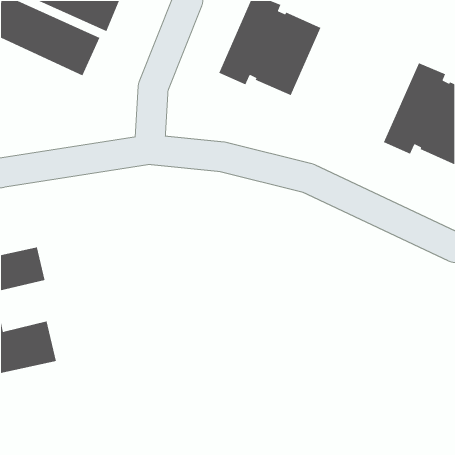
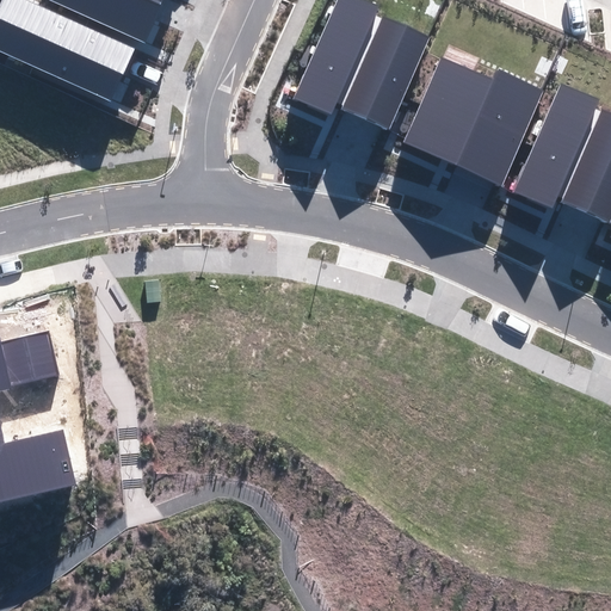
building: none -> [405,56,544,186]

